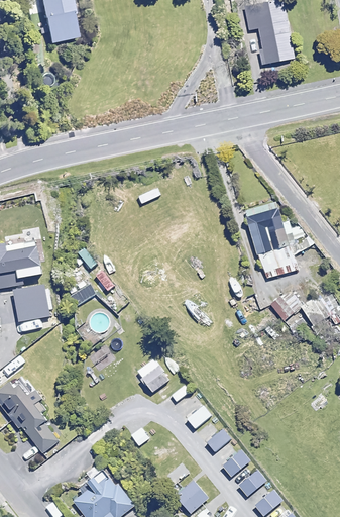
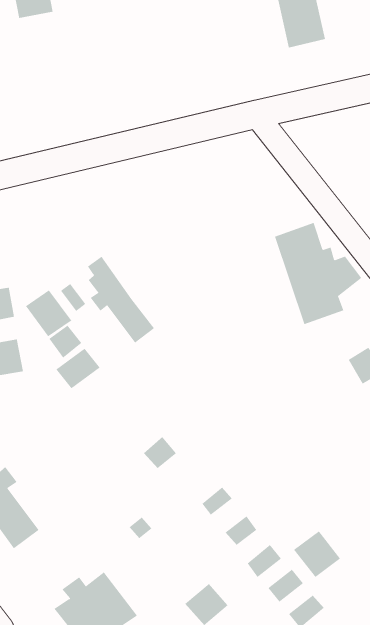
building: none -> [87,256,155,344]
building: none -> [25,289,72,337]
building: [271,294,299,320] -> none
building: none -> [56,348,100,389]
building: none -> [293,530,341,578]

